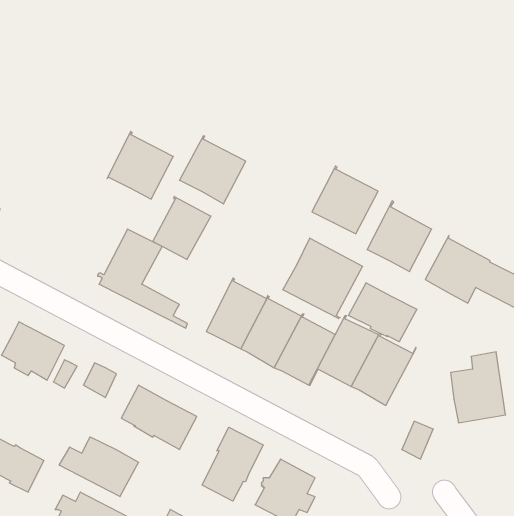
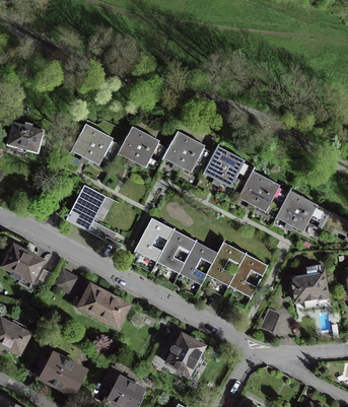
building: none -> [7,122,45,153]
building: none -> [163,130,206,173]
building: [153,196,211,260] -> none
building: [283,238,363,319] -> none
building: [349,283,417,342] -> none
building: [202,427,263,501] -> none
building: [59,437,139,497] -> none

